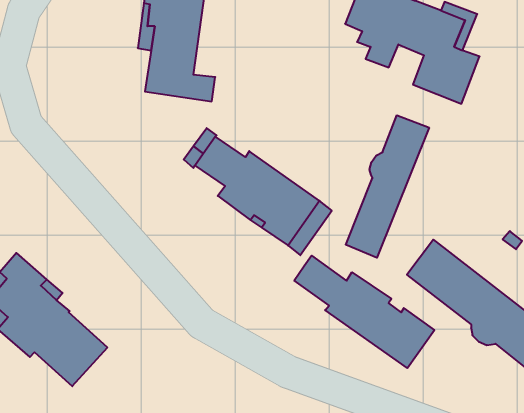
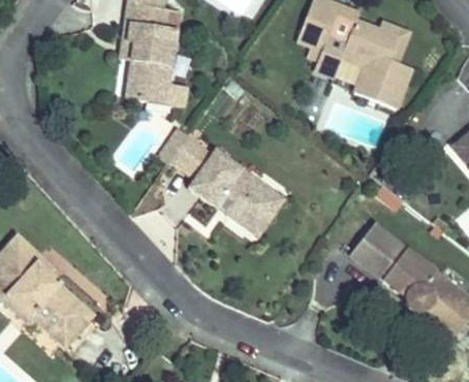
building: [346,115,429,258] -> none
building: [294,256,434,368] -> none

